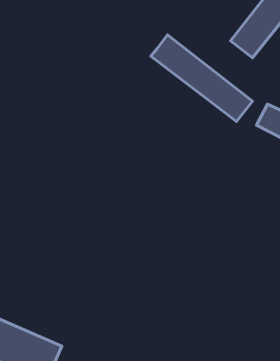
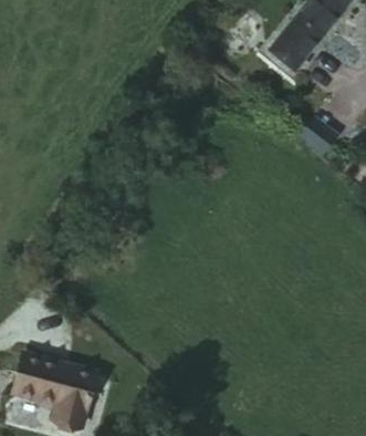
building: [151,35,252,122] -> none

